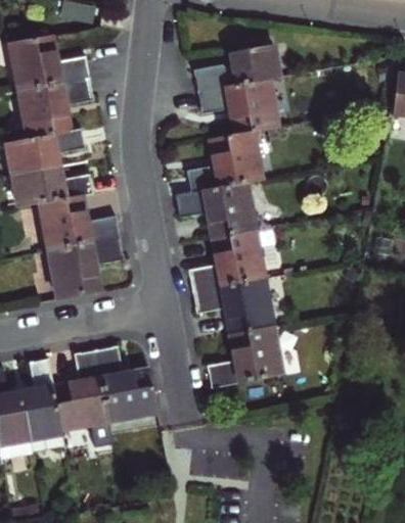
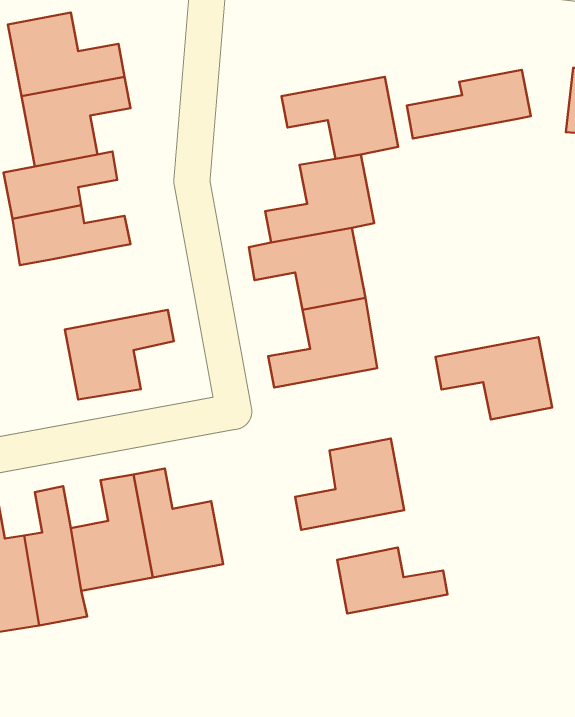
building: [193,45,278,92] -> [407,70,531,139]
building: [41,195,120,251] -> none
building: [192,278,272,334] -> [435,337,552,420]
building: none -> [337,547,448,613]

